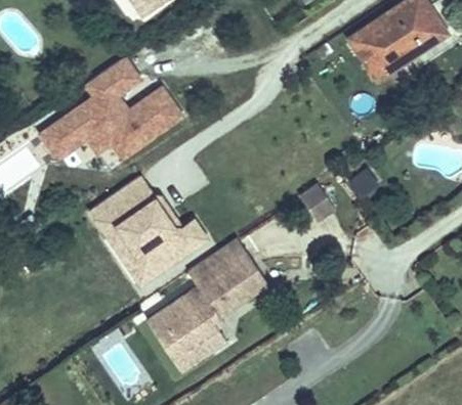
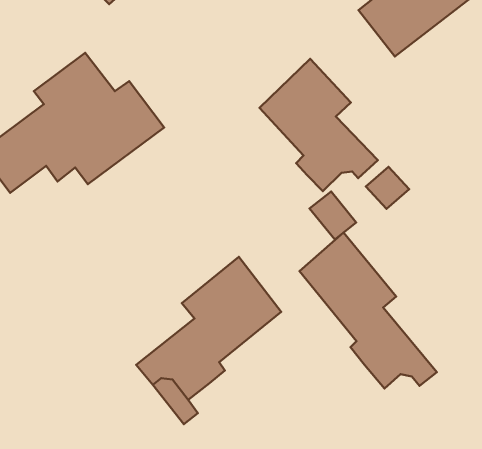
building: none -> [259,59,378,191]
building: [84,175,211,303] -> none
building: none -> [299,232,437,388]

